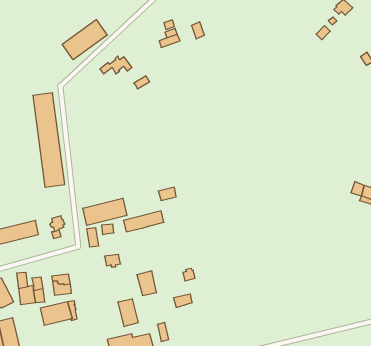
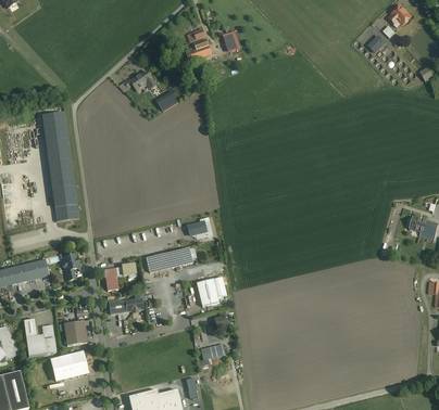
building: [62,19,107,60] -> none
building: [83,198,127,226] -> none
building: [137,271,157,295] -> [197,278,220,306]
building: [118,299,138,327] -> none

